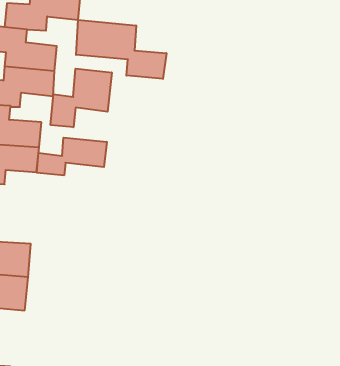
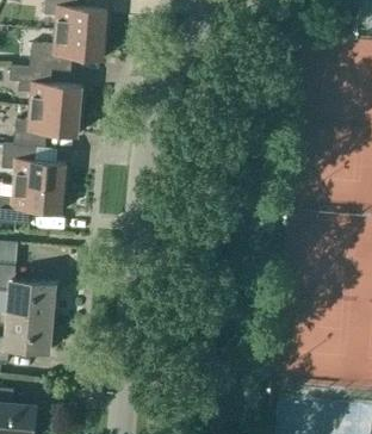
building: [76,20,166,79] -> none
building: [51,69,112,127] -> none
building: [37,138,107,175] -> none

